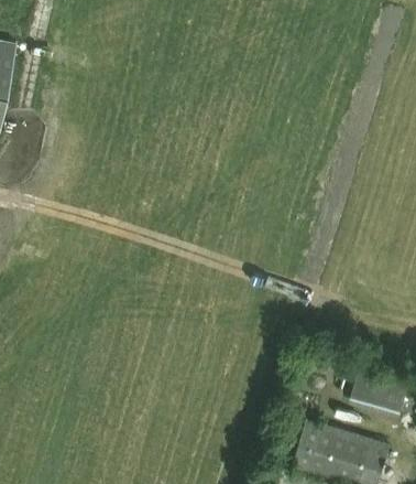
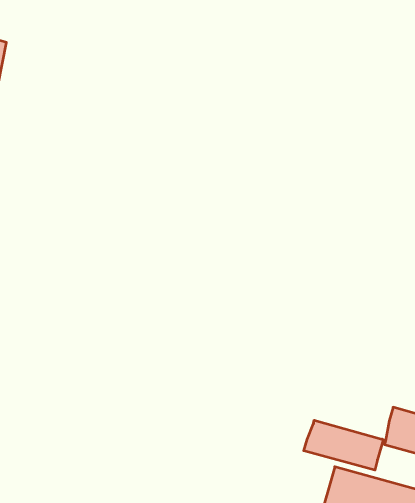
building: none -> [304,420,383,470]

